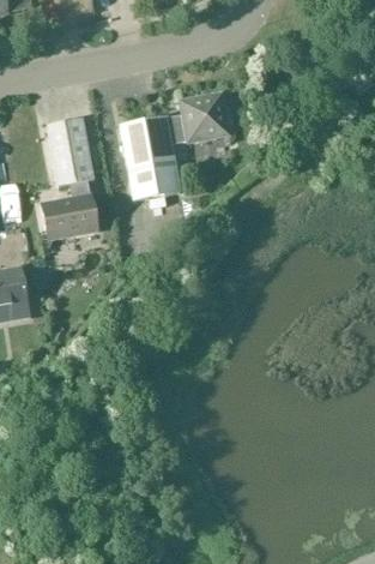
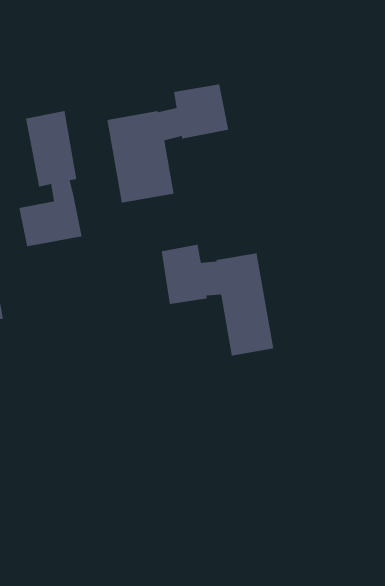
building: none -> [161,244,274,356]

